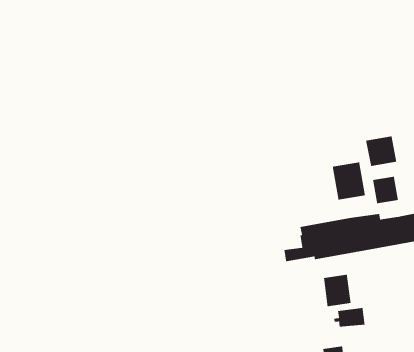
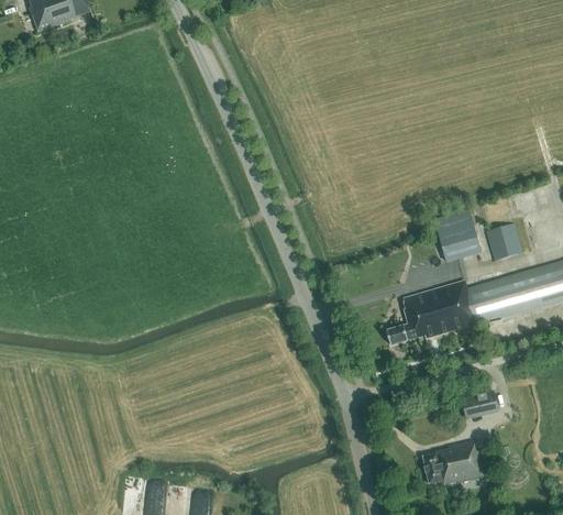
building: [365,135,397,167] -> none
building: [323,274,351,307] -> none

